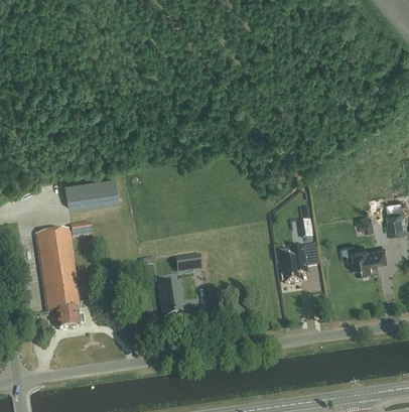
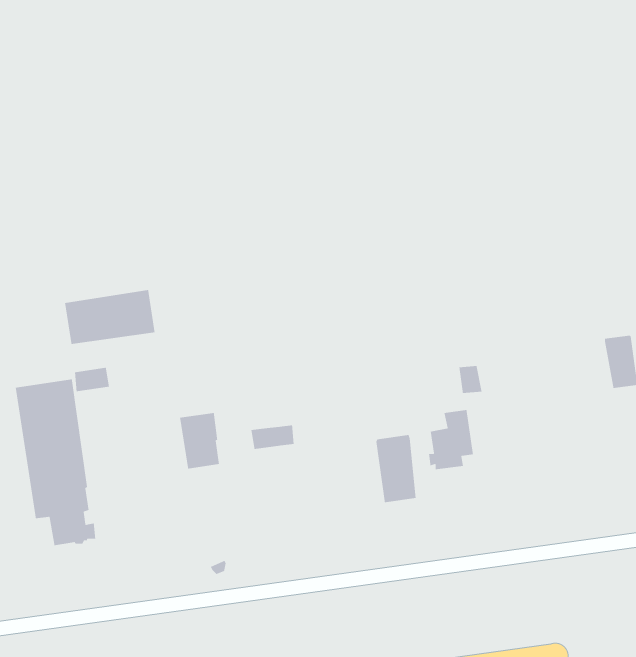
building: [348,250,386,273] -> none
building: none -> [375,434,417,503]
building: [157,283,181,317] -> [179,412,220,470]

